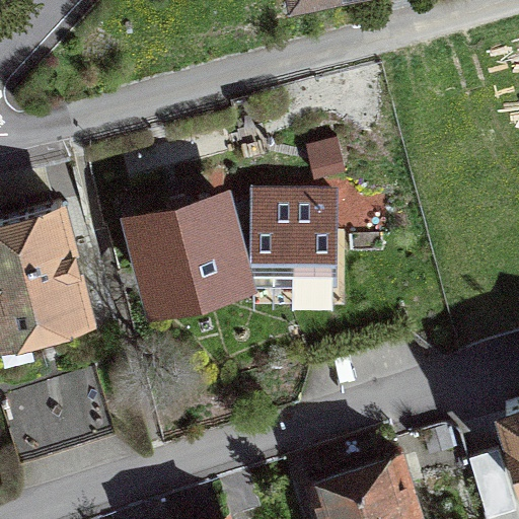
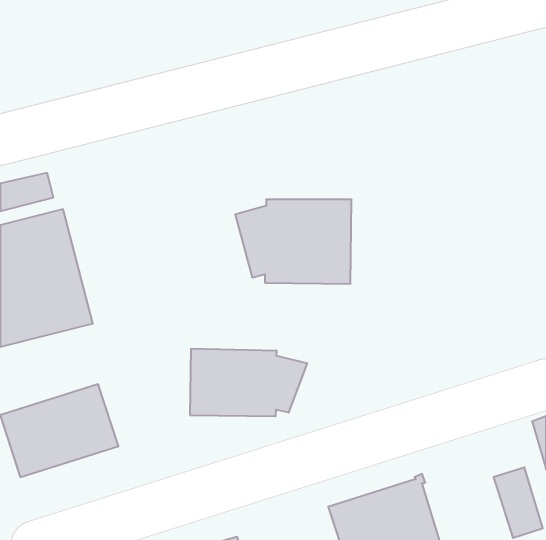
building: [136,198,240,294] -> none
building: none -> [190,349,307,416]

